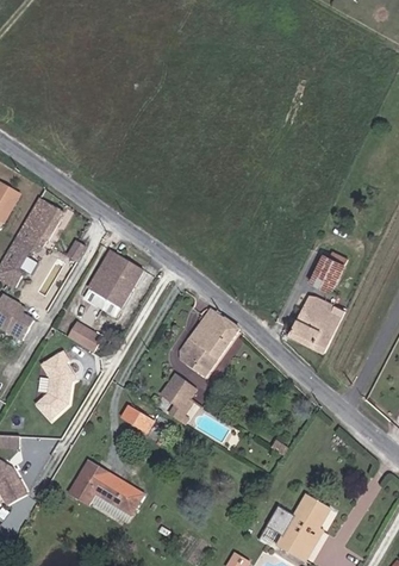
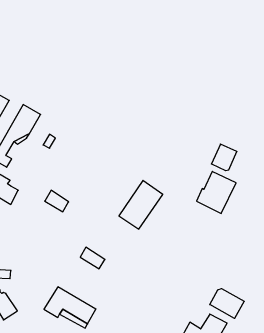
building: [86,249,145,315] -> none
building: [38,356,70,418] -> none
building: [161,374,197,410] -> none
building: none -> [210,289,244,318]

